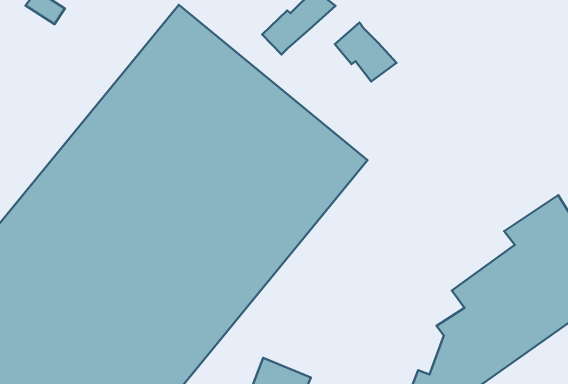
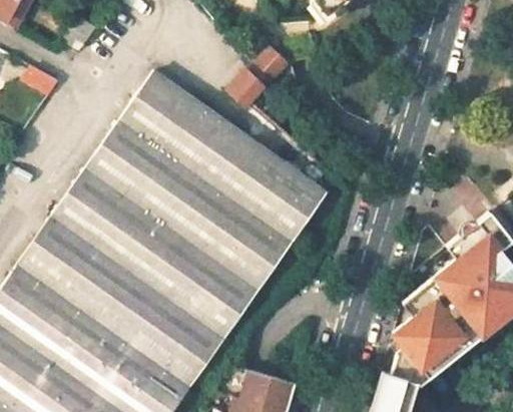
building: [335,22,396,81] -> none

